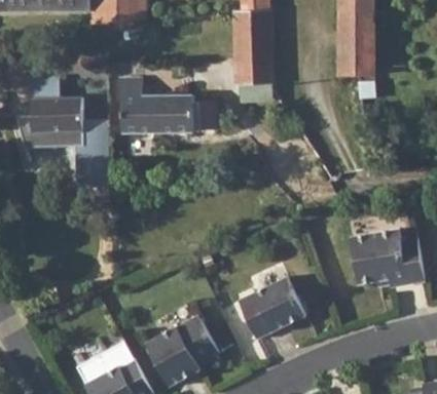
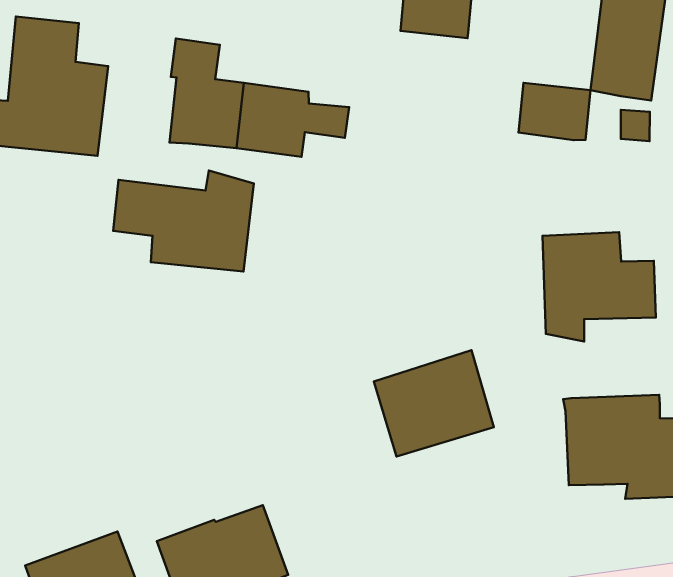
building: [235,55,272,83] -> [519,83,591,140]
building: none -> [113,170,254,272]
building: none -> [543,232,656,341]
building: [238,279,304,341] -> [374,350,494,456]

